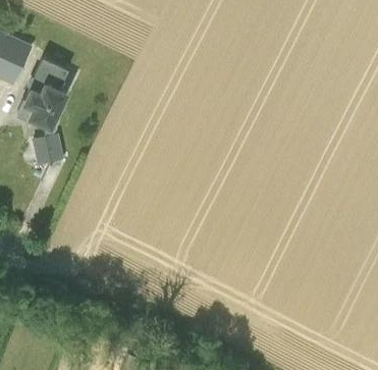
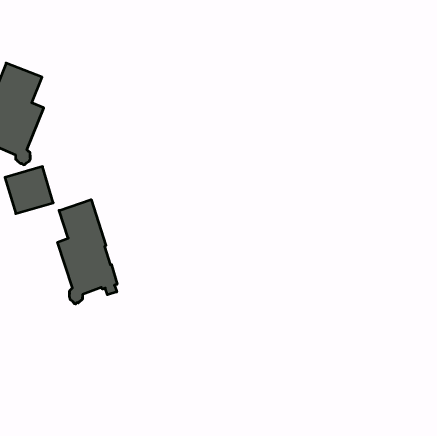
building: none -> [58,200,117,304]

